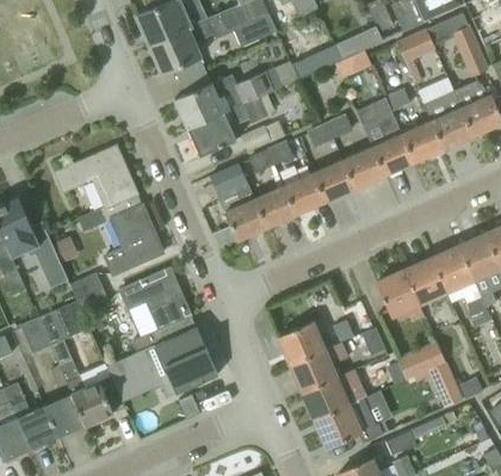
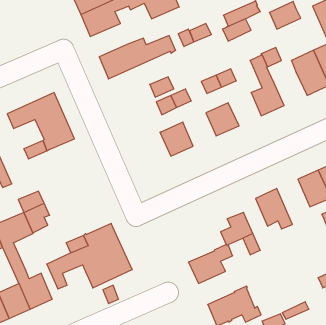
building: [186,92,274,156] -> none
building: [401,119,444,162] -> none
building: [341,146,384,188] -> none
building: [210,163,267,241] -> none
building: [283,172,326,215] -> none
building: [101,205,163,276] -> none
building: [404,258,447,305] -> none
building: [118,268,190,329] -> none
building: [278,322,323,365] -> none
building: [396,341,446,381] -> none
building: [303,370,365,420] -> none

